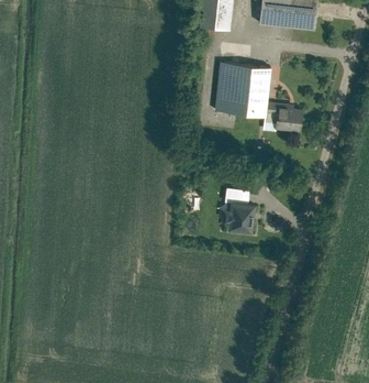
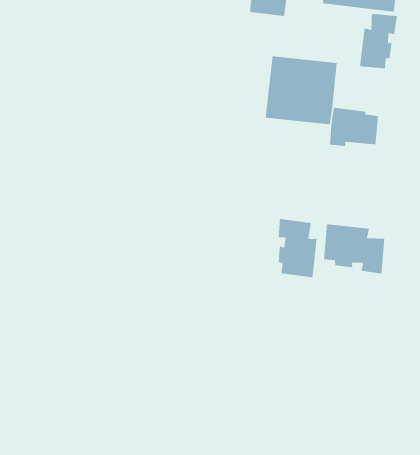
building: none -> [359,13,398,69]
building: none -> [323,224,385,274]

